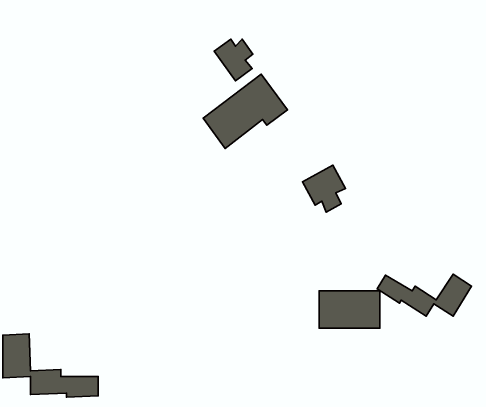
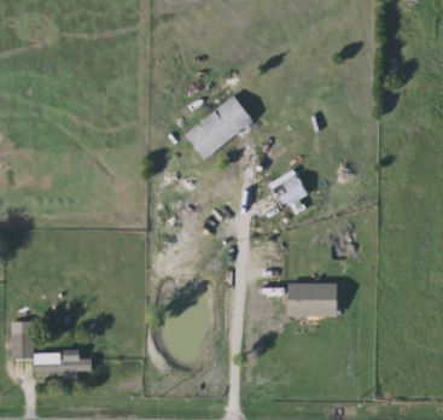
building: [214,39,253,81] -> none
building: [377,274,471,316] -> none

